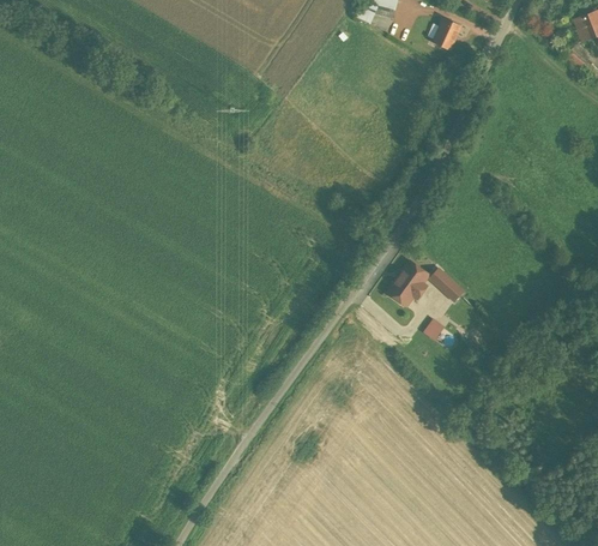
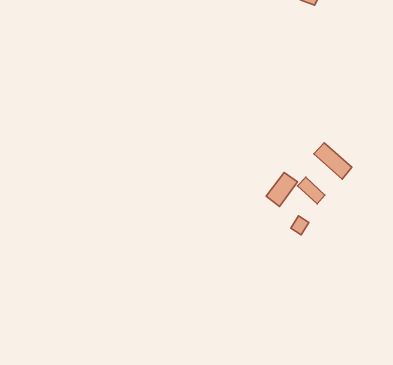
building: none -> [314,143,352,179]

